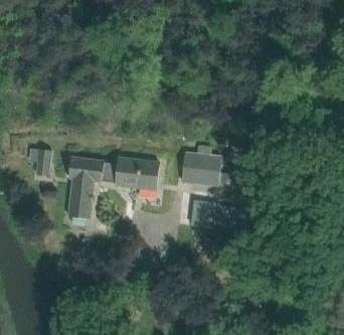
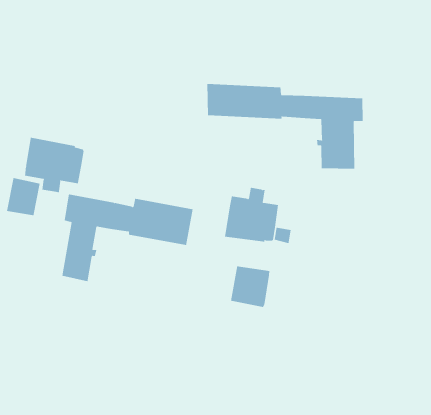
building: none -> [207,83,363,170]
building: none -> [25,137,84,193]

